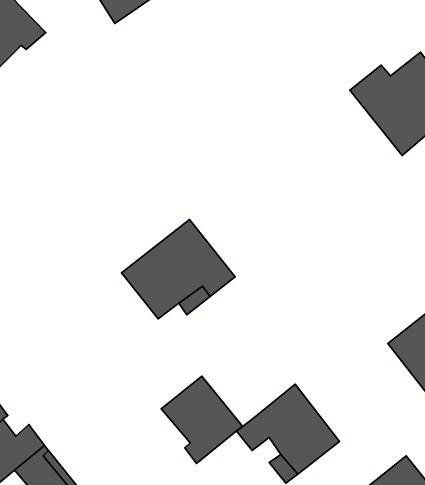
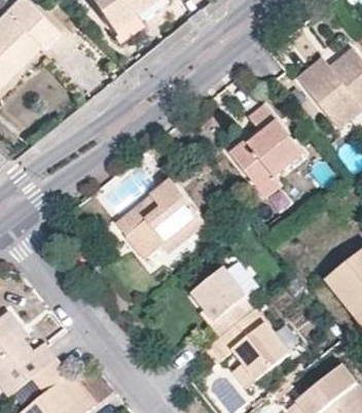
building: none -> [230,105,303,200]
building: [161,376,242,464] -> [192,269,256,338]

